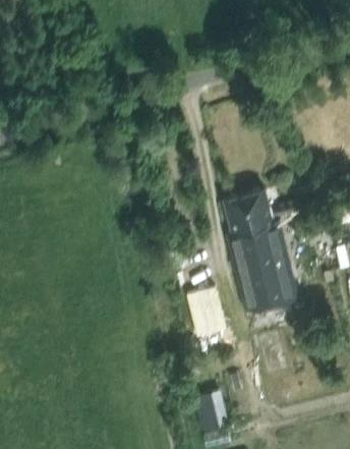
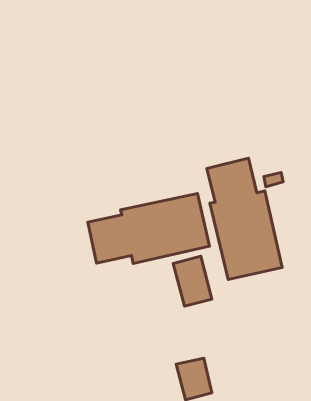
building: none -> [88,194,210,264]

